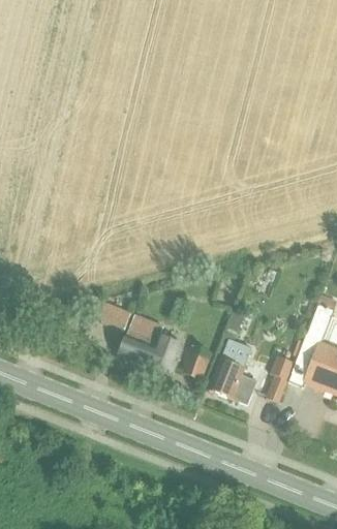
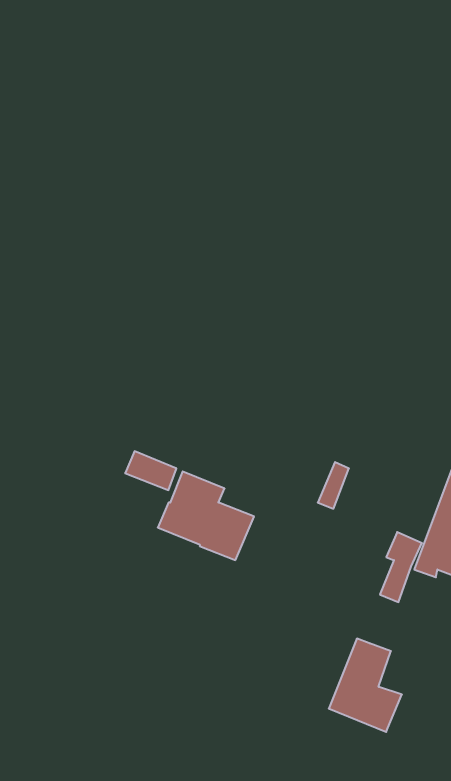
building: [208,341,256,403] -> [329,639,402,732]
building: [181,344,210,377] -> none

